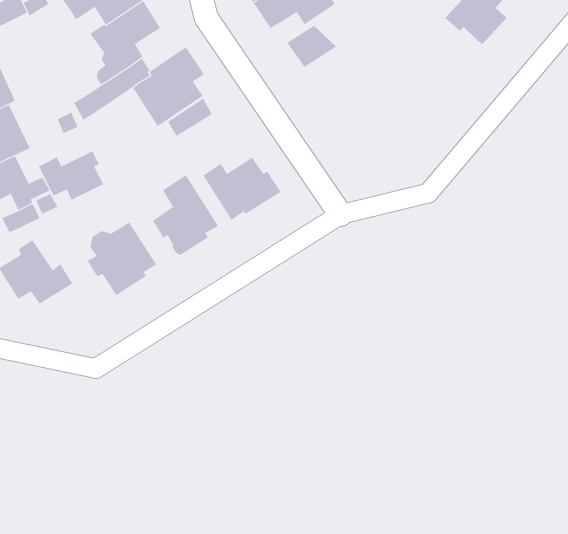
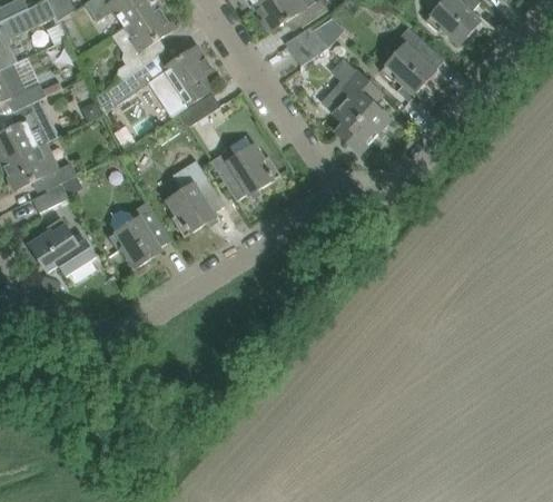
building: none -> [381,26,444,95]
building: none -> [325,70,391,152]
building: [38,150,104,200] -> none

